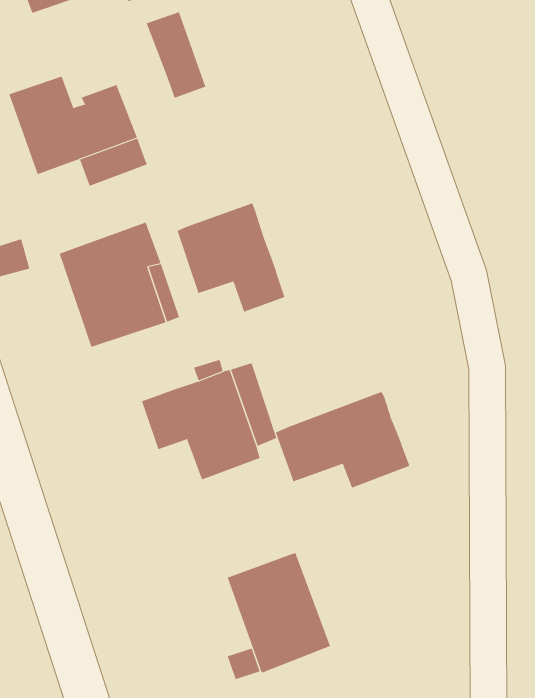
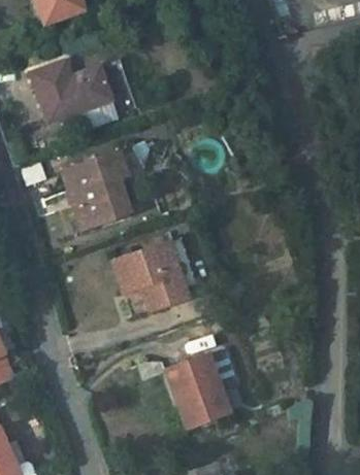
building: [146,11,206,99] -> [97,60,134,113]
building: [177,202,285,313] -> none
building: [275,391,410,489] -> none

